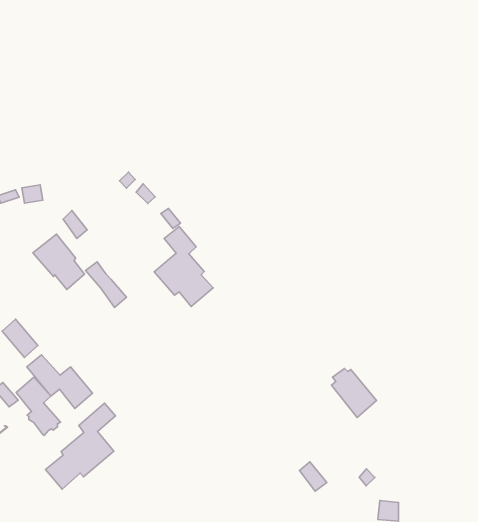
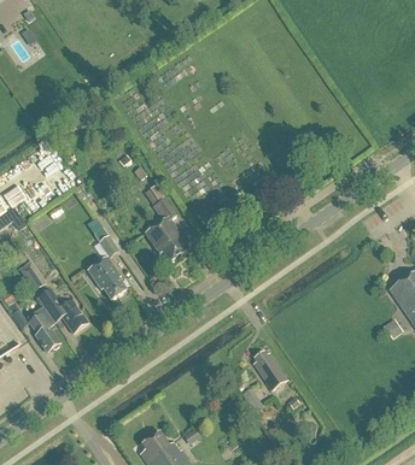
building: [33,234,84,290] -> [87,257,125,300]
building: [332,369,376,418] -> [253,352,287,390]
building: [46,403,116,489] -> none

